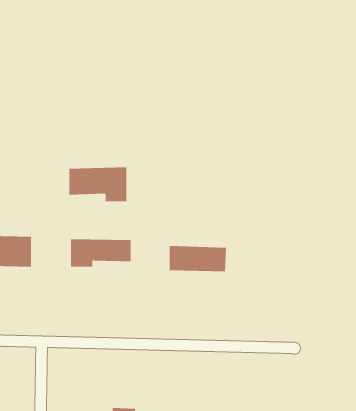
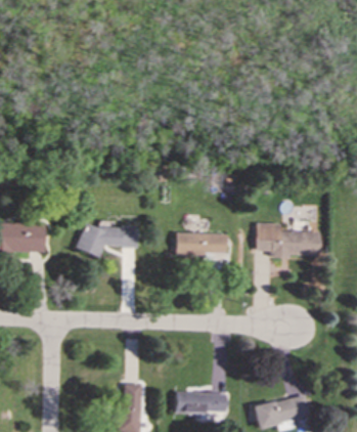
building: [69,167,127,202] -> none
building: none -> [257,224,321,257]

